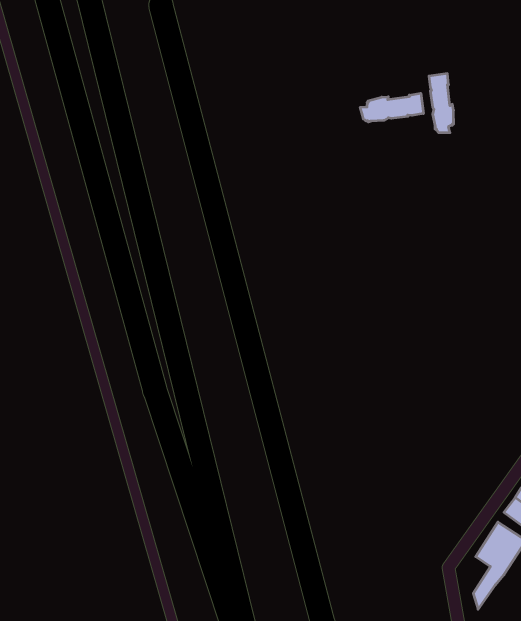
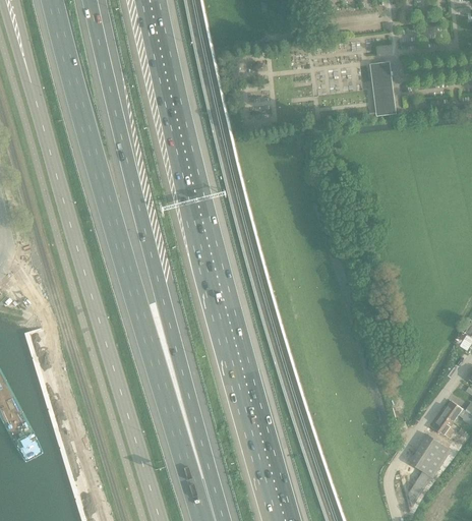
building: [360,93,423,122] -> none

